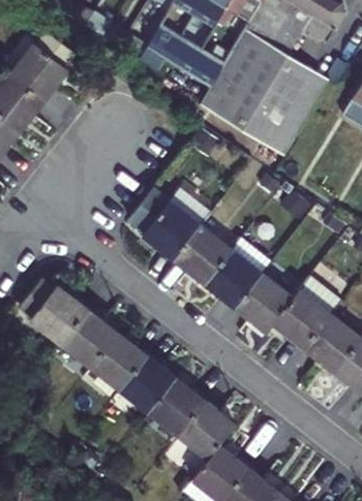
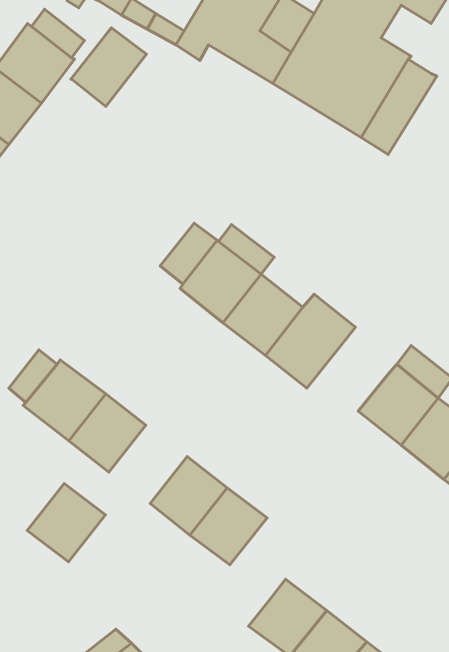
building: none -> [71,28,146,107]
building: [194,87,295,165] -> none
building: [236,273,295,333] -> none
building: [92,335,149,392] -> [27,484,105,562]
building: [180,402,237,460] -> none

